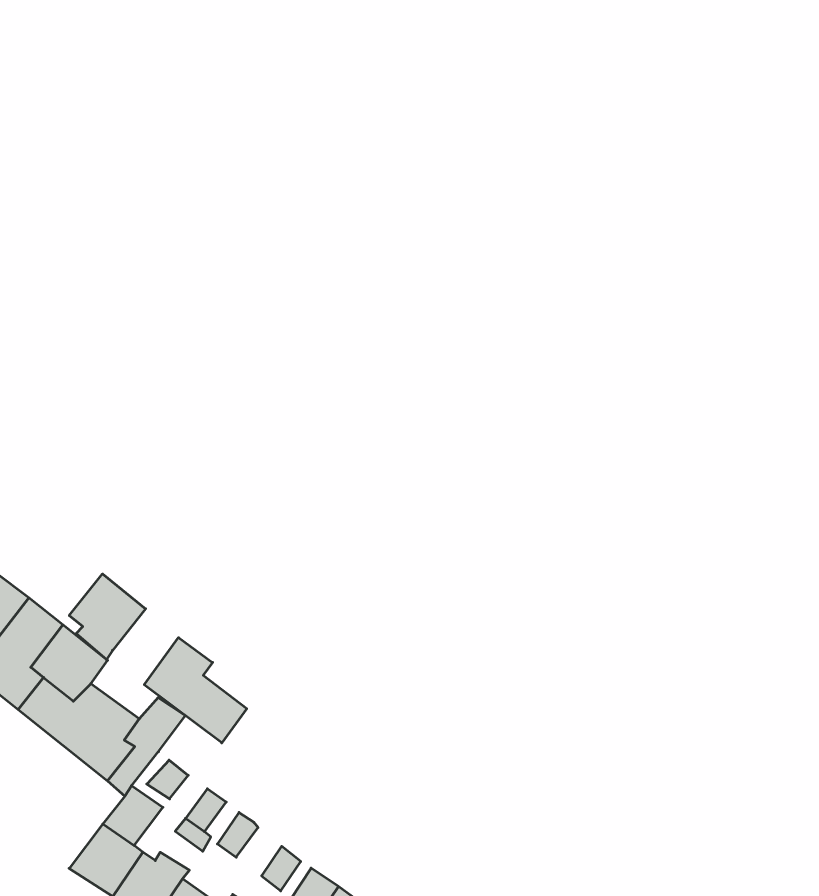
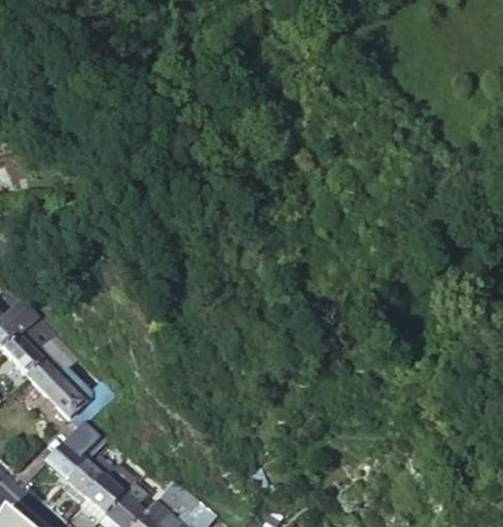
building: [69,574,146,660] -> none
building: [144,638,247,743] -> none

